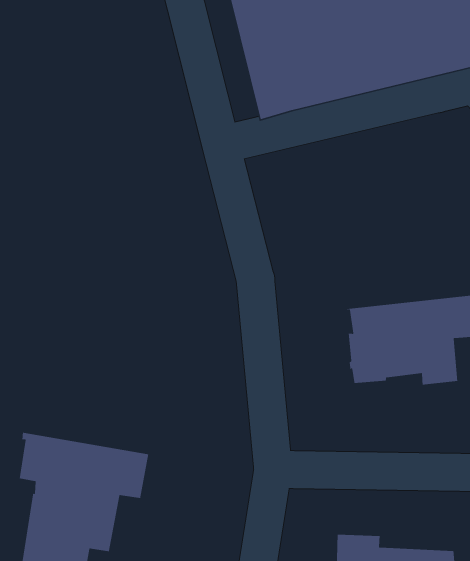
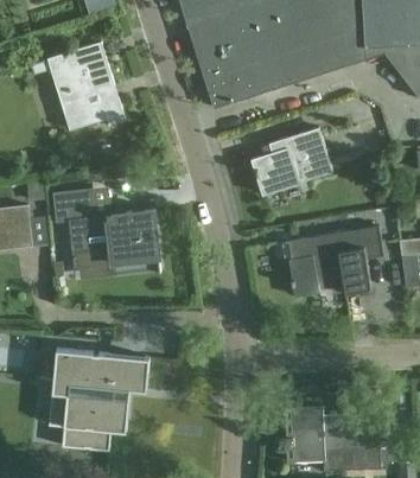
building: none -> [28,40,125,129]
building: none -> [249,127,331,195]
building: none -> [52,189,158,268]

